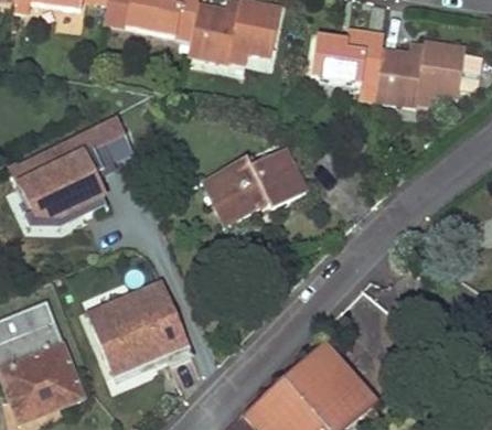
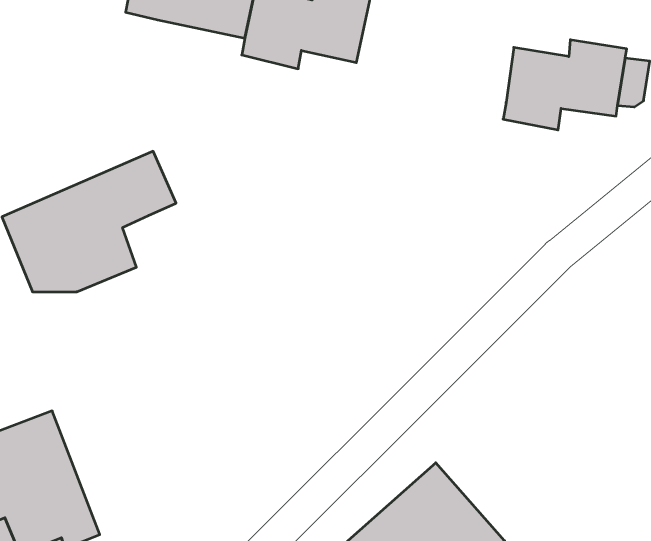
building: [309,29,383,85] -> none
building: [204,151,303,225] -> none
building: [92,281,200,387] -> none

